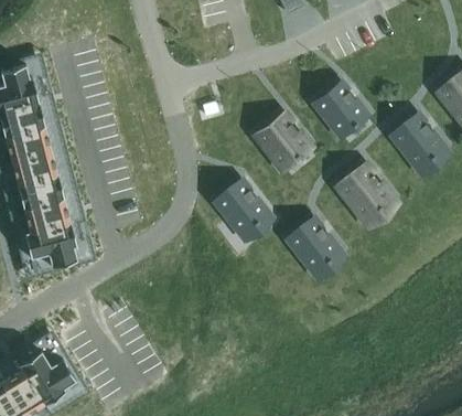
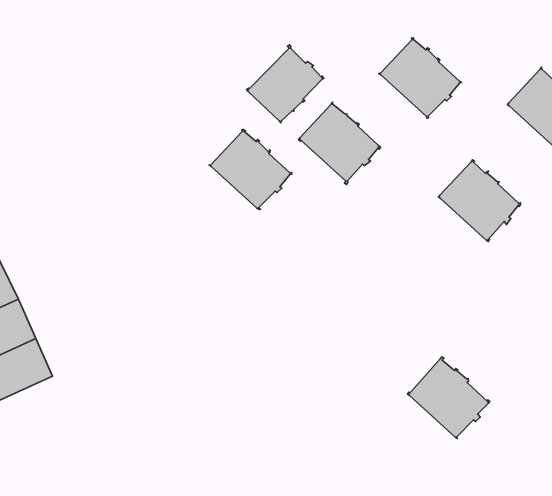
building: none -> [247,45,324,123]
building: [222,177,272,228] -> [209,129,292,210]
building: [294,214,345,267] -> [407,357,490,439]

